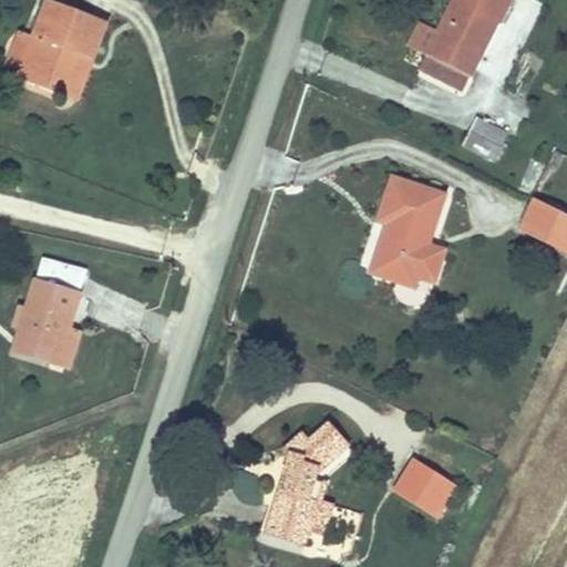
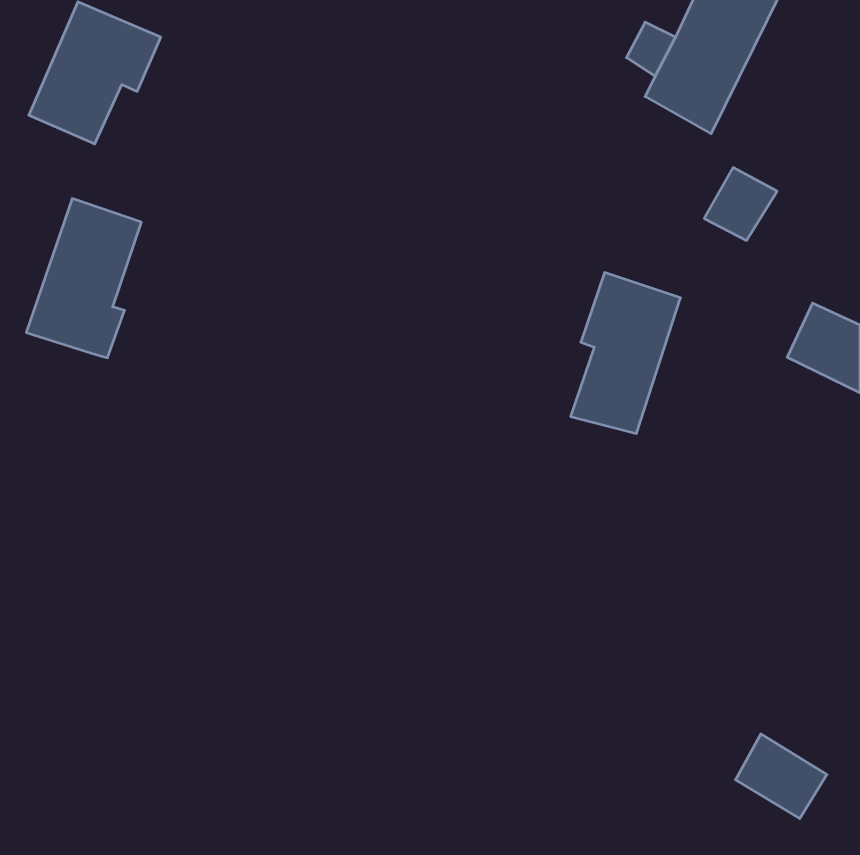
building: [12,261,87,365] -> [26,199,141,358]
building: [268,422,343,545] -> none
building: [393,461,453,516] -> [735,734,827,819]

